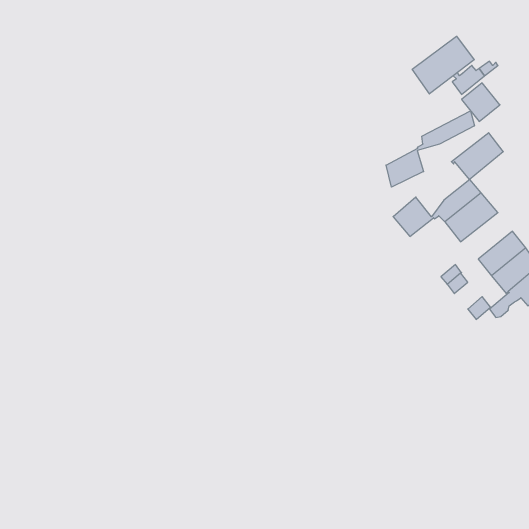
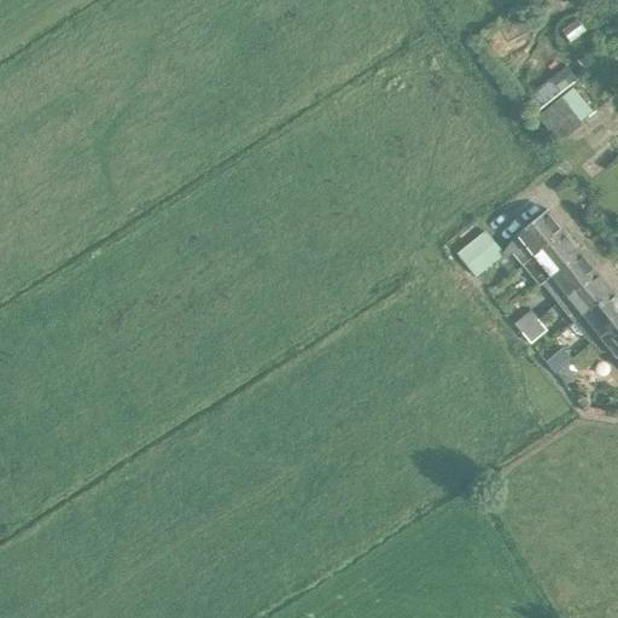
building: [412,36,474,94] -> none
building: [386,111,474,187] -> none
building: [451,133,503,179] -> [537,247,597,302]

